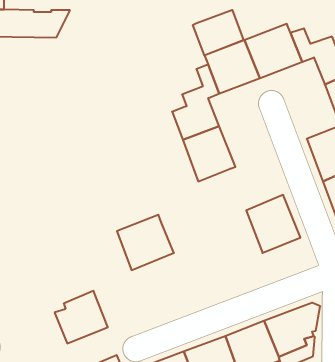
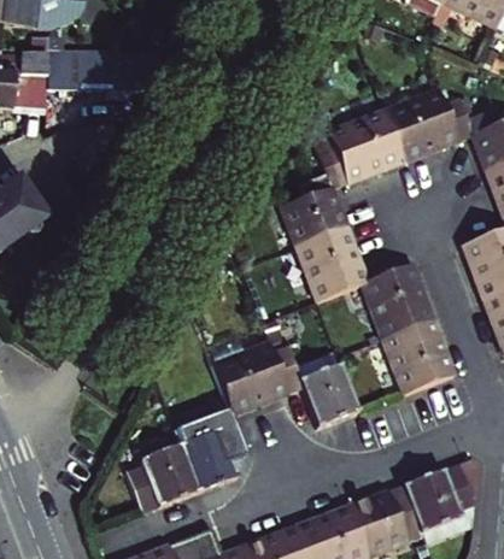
building: [193,10,243,56] -> none
building: none -> [359,263,430,336]
building: none -> [268,346,358,426]
building: none -> [177,416,242,492]

